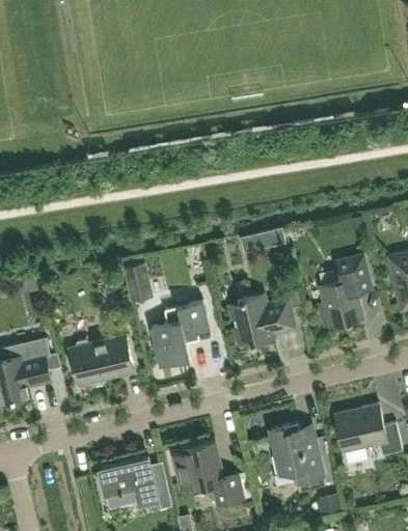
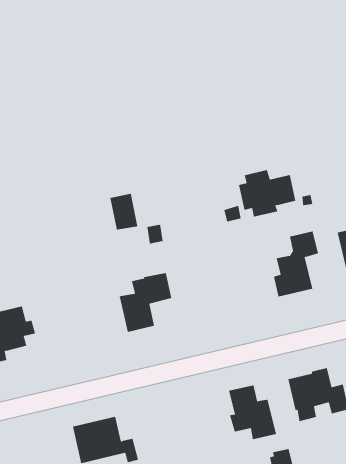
building: [123,261,154,302] -> [109,193,138,230]
building: [230,294,294,345] -> [238,170,296,217]
building: [69,335,134,385] -> none
building: [171,443,245,505] -> none

